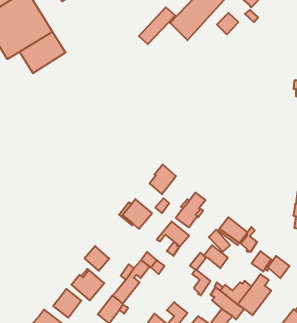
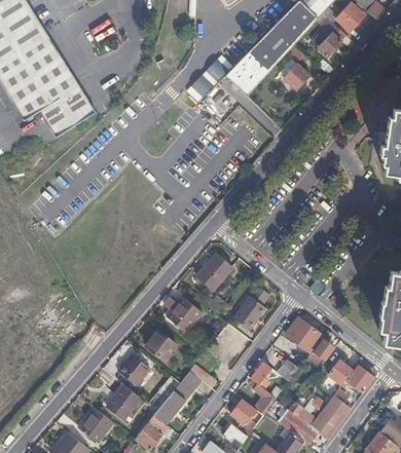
building: none -> [145,329,177,362]
building: none -> [230,400,256,437]

